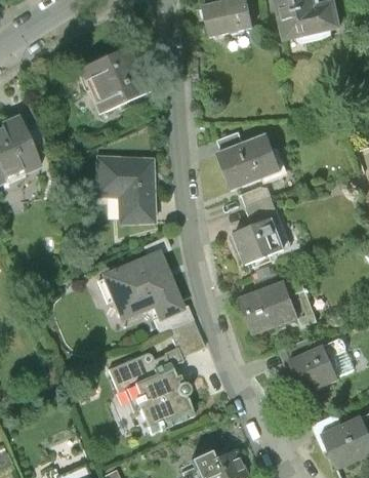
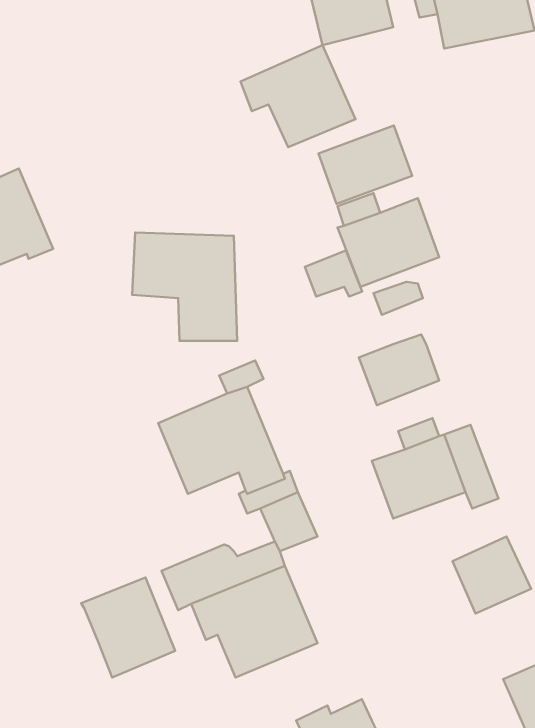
building: [74,48,146,112] -> [240,45,355,147]
building: none -> [318,126,412,204]
building: [245,197,281,226] -> [305,251,362,297]
building: none -> [81,578,175,677]

